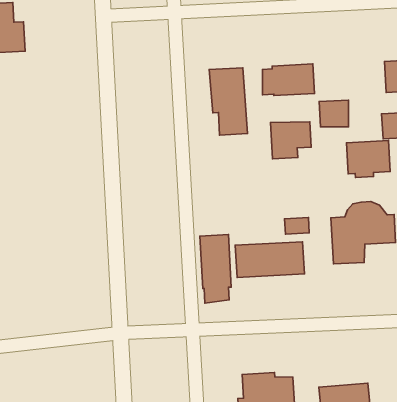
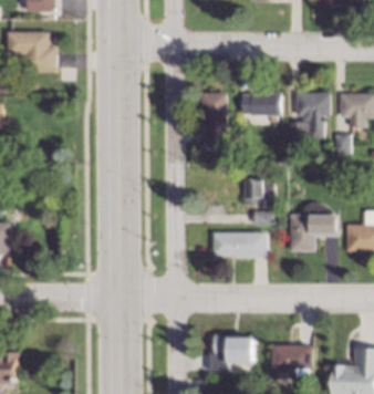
building: [270,122,311,159] -> [243,177,274,206]
building: [347,141,390,178] -> [297,92,330,120]
building: [200,234,231,303] -> none

